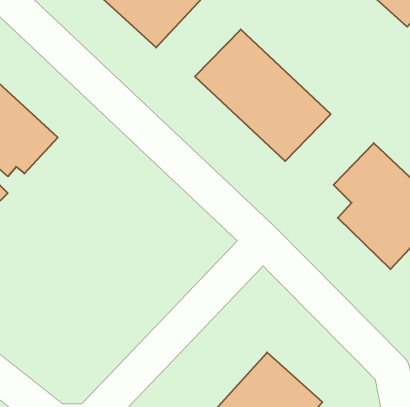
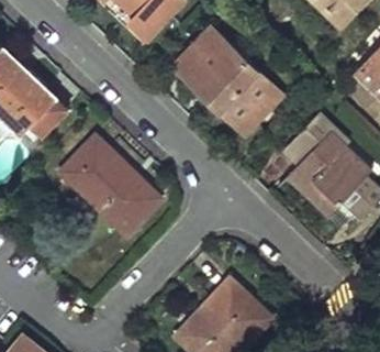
building: none -> [62,136,164,236]

